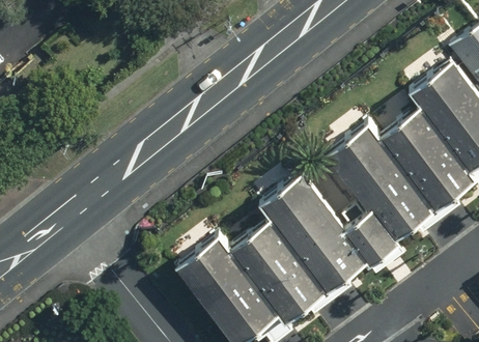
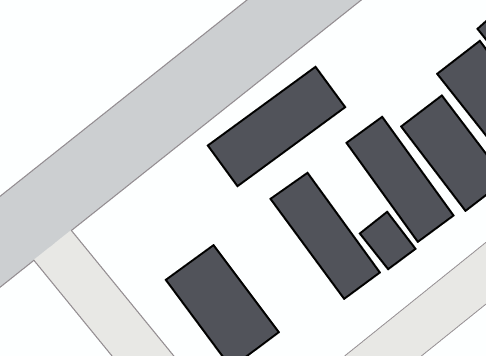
building: none -> [208,67,345,186]
building: [236,219,326,317] -> none

